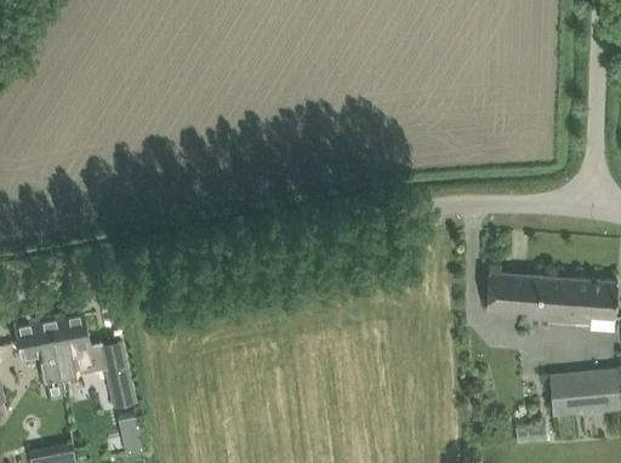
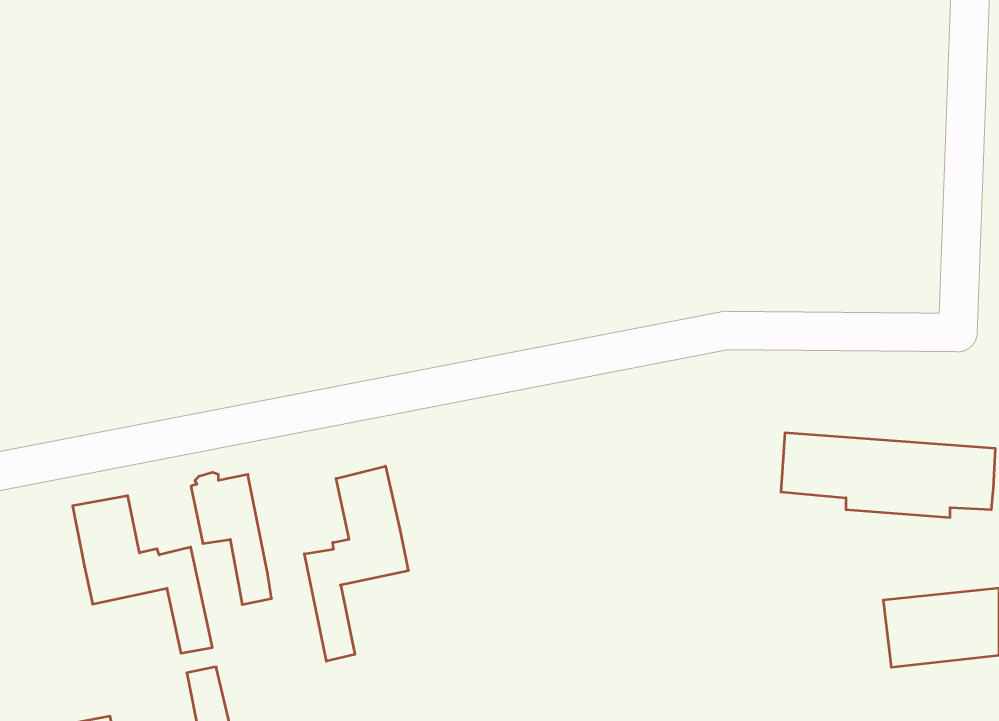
building: none -> [304,466,408,661]
building: [13,316,63,398] -> [191,472,272,604]

